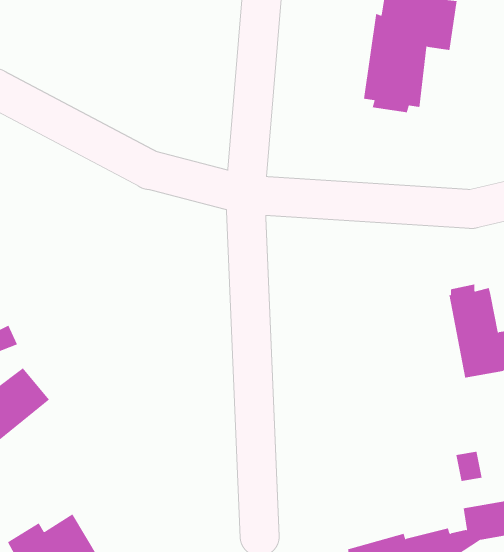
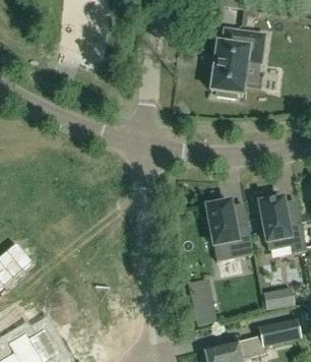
building: none -> [206,199,253,260]
building: none -> [189,280,215,323]

